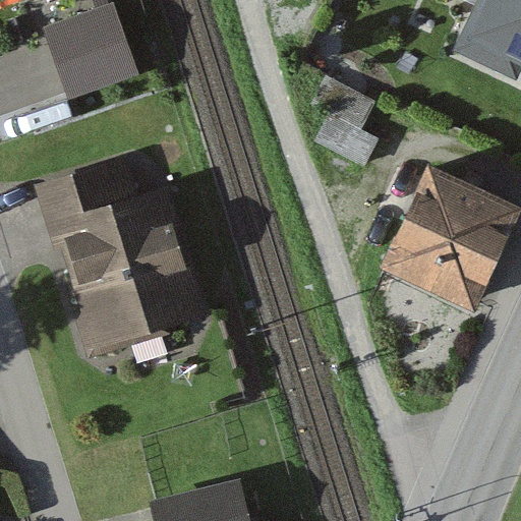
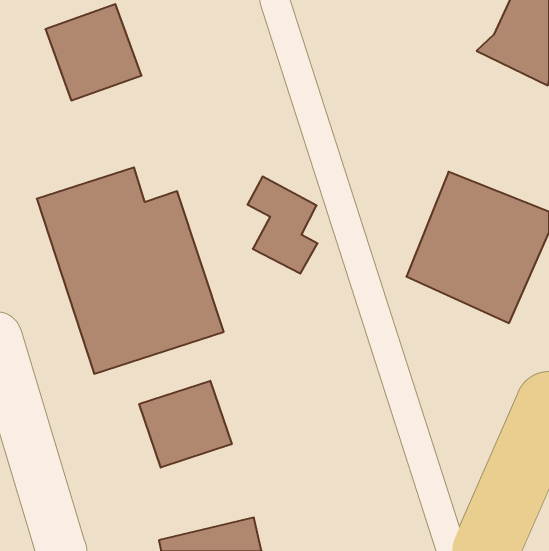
building: [310,76,377,168] -> [247,176,318,274]
building: none -> [139,381,232,468]

